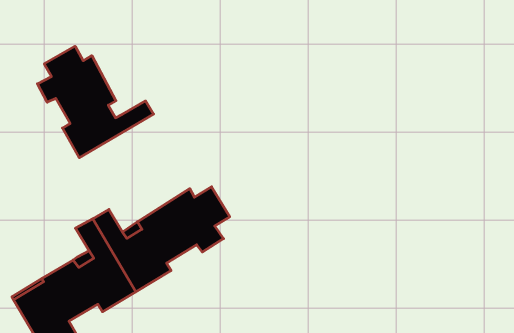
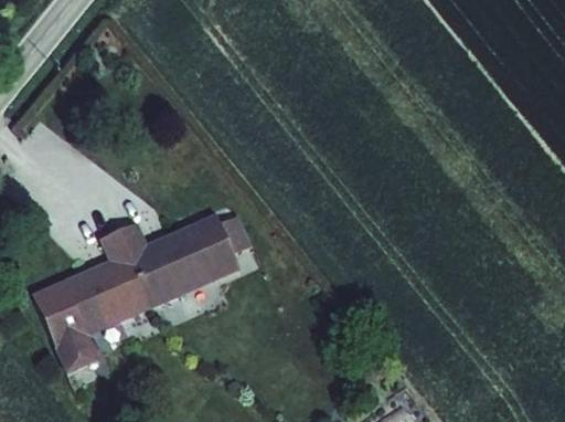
building: [37,46,154,158] -> none

